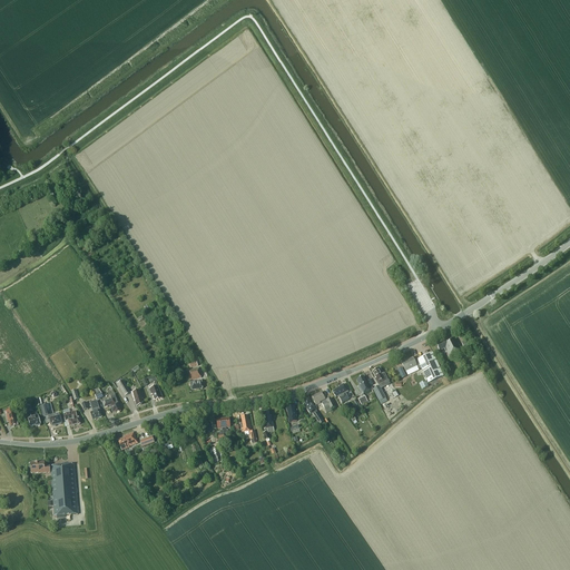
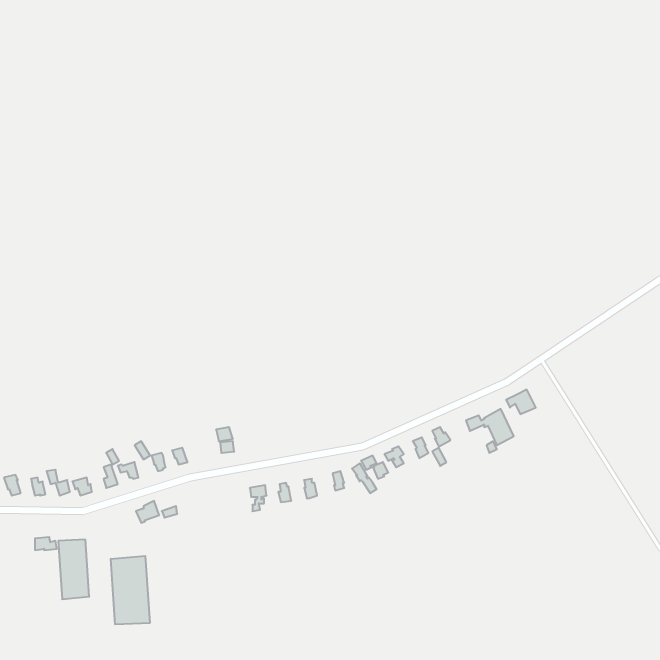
building: none -> [111,556,150,624]

